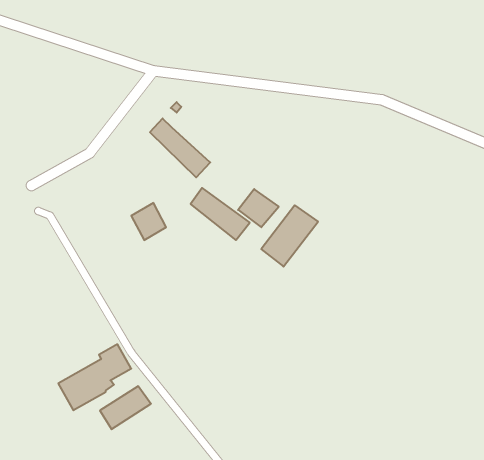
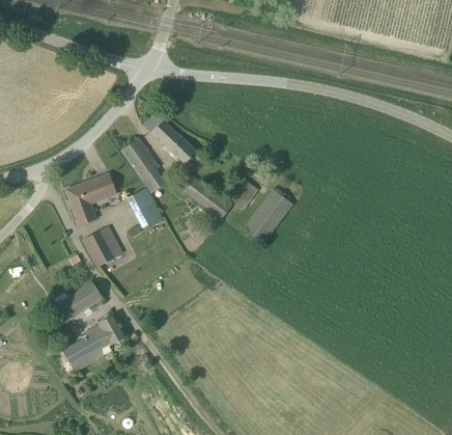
building: none -> [121,137,165,192]
building: none -> [65,172,116,225]
building: none -> [85,226,121,266]
building: [100,386,151,429] -> [57,281,103,320]

